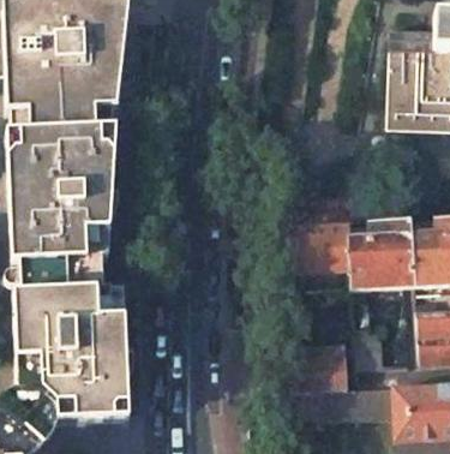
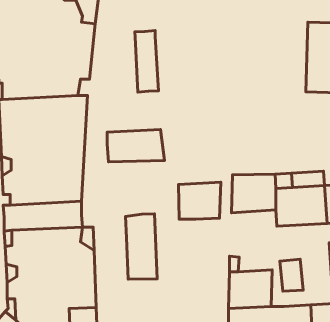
building: none -> [135,31,158,92]
building: none -> [107,130,164,162]
building: none -> [178,182,221,219]
building: none -> [126,214,157,279]

